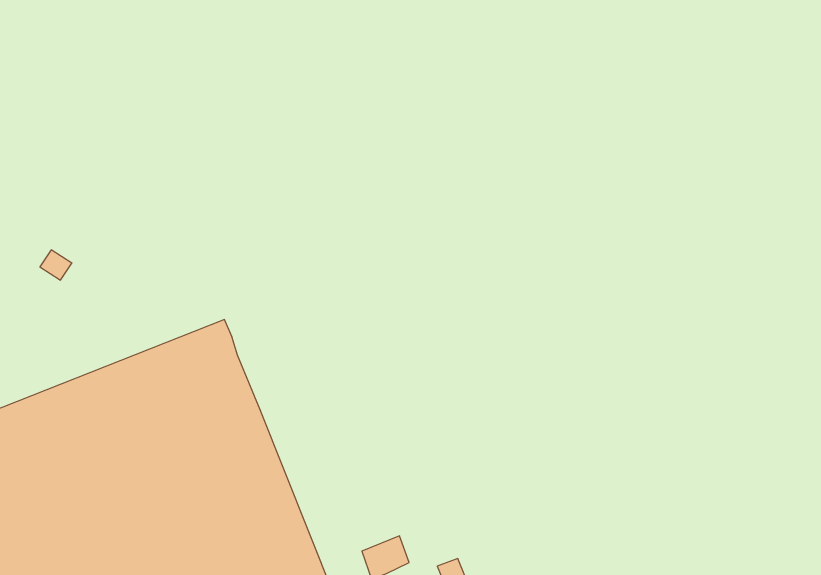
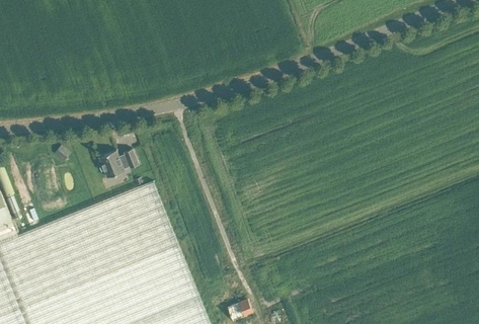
building: none -> [95,151,137,178]

